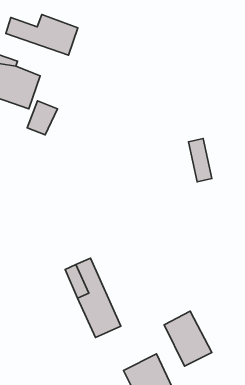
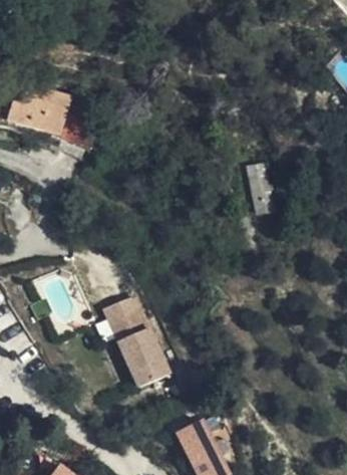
building: [6,15,78,55] -> none
building: [164,311,212,366] -> none

